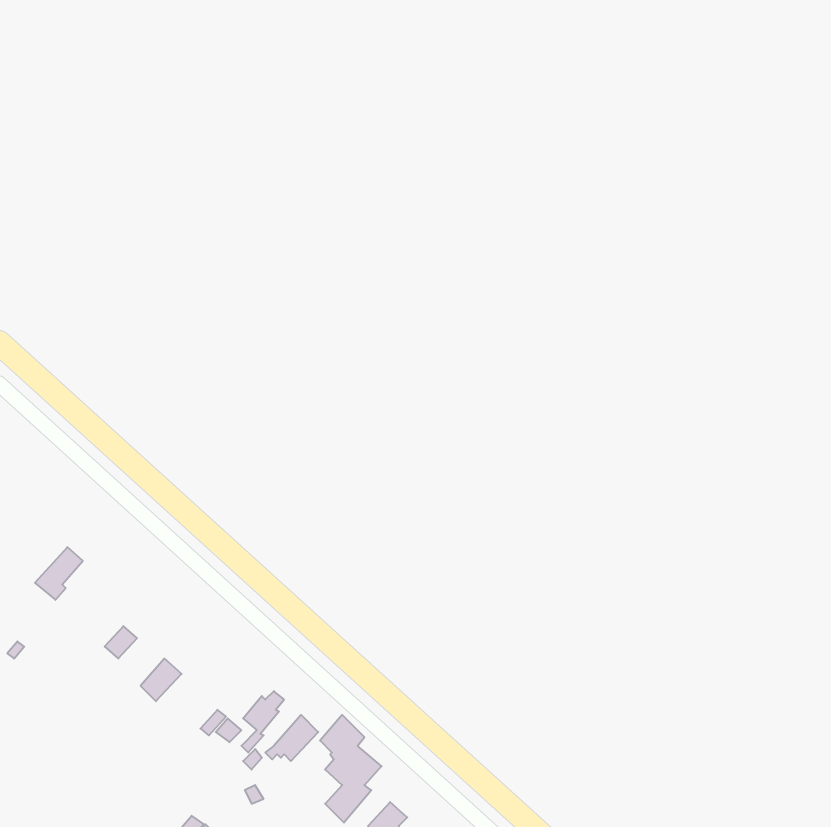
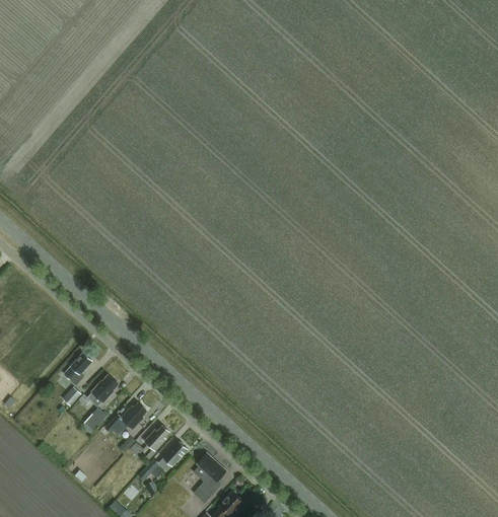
building: [35,547,83,600] -> [65,353,93,384]
building: none -> [88,375,119,401]
building: none -> [106,401,147,434]

